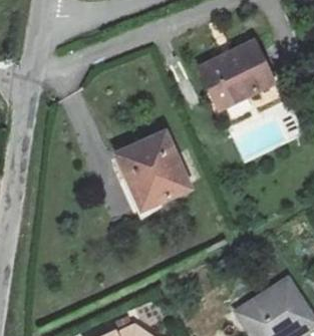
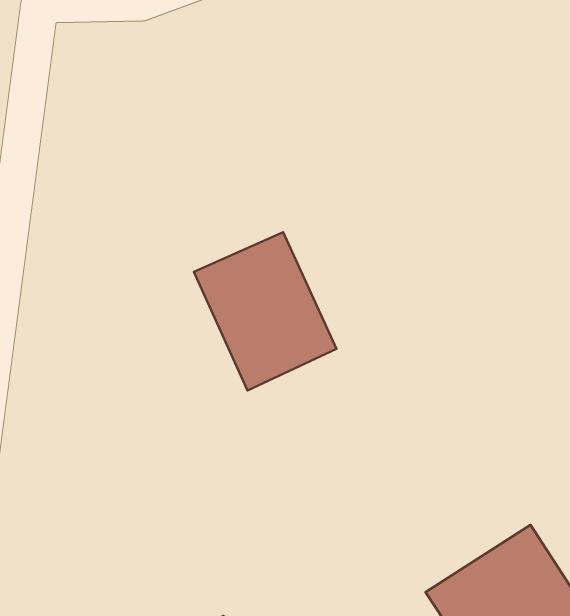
building: [200,40,271,105] -> none

